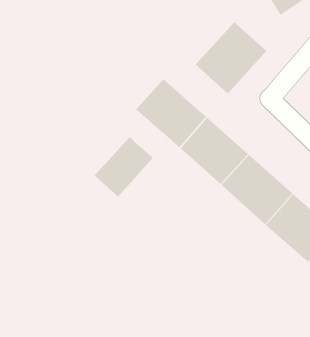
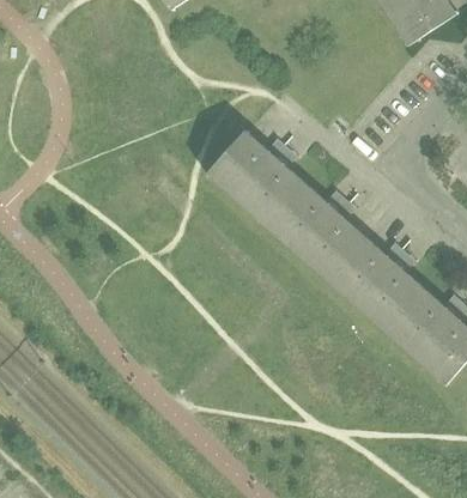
building: [195,21,267,95] -> none
building: [94,136,153,197] -> none

